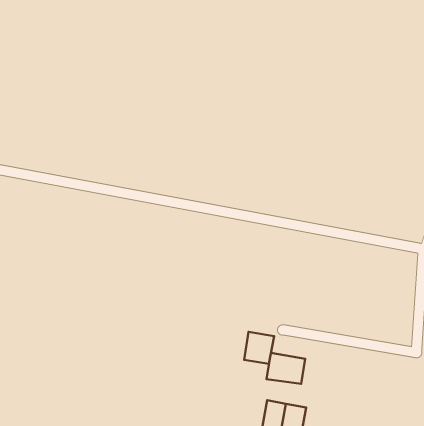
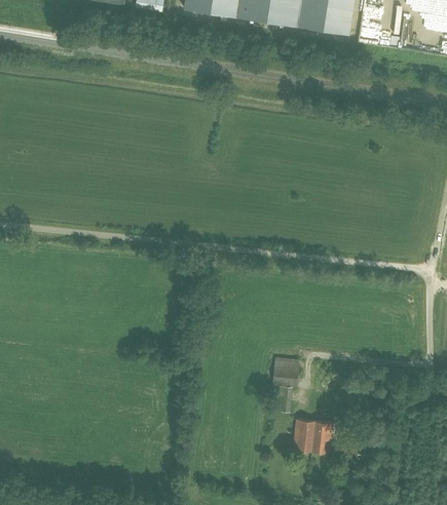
building: [267,353,305,384] -> none

